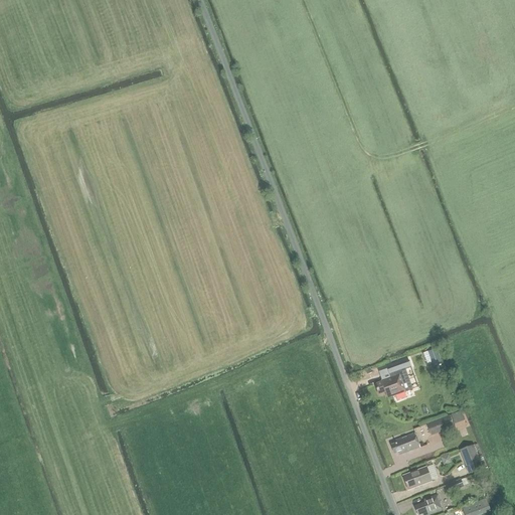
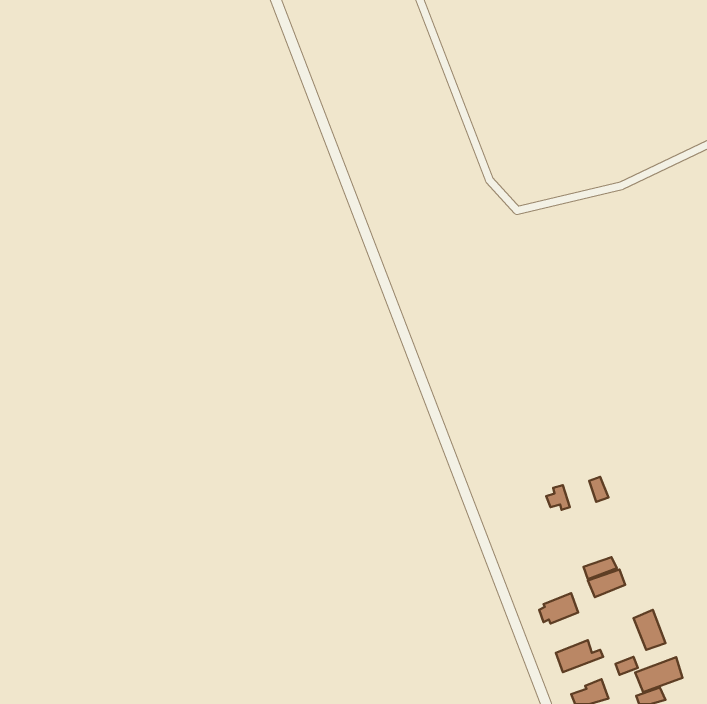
building: [375,372,406,395] -> none
building: none -> [635,657,683,692]

